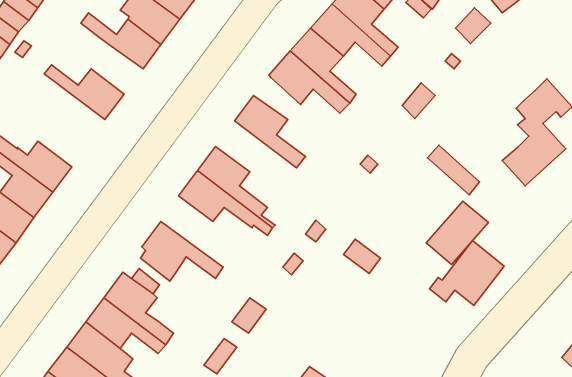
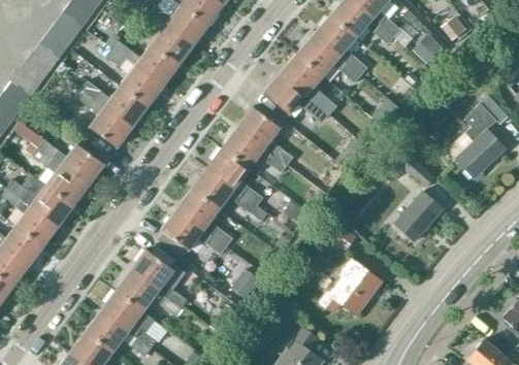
building: none -> [105,48,162,106]
building: none -> [75,90,131,147]
building: none -> [221,128,287,173]
building: none -> [176,189,232,246]
building: [429,241,504,306] -> [319,264,380,317]

